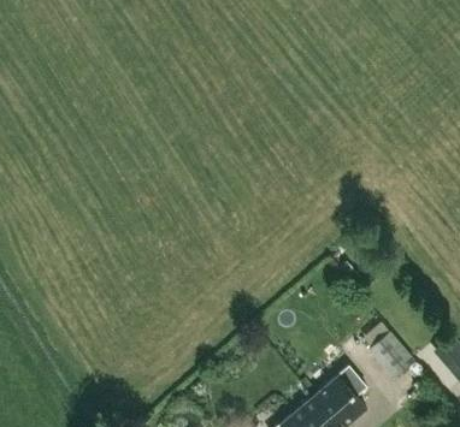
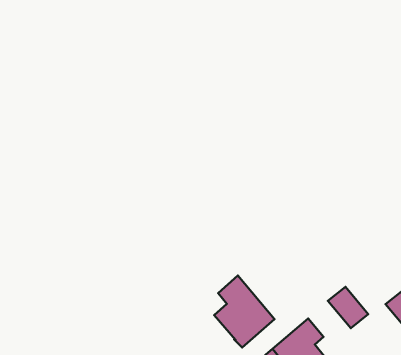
building: none -> [214,276,275,348]

